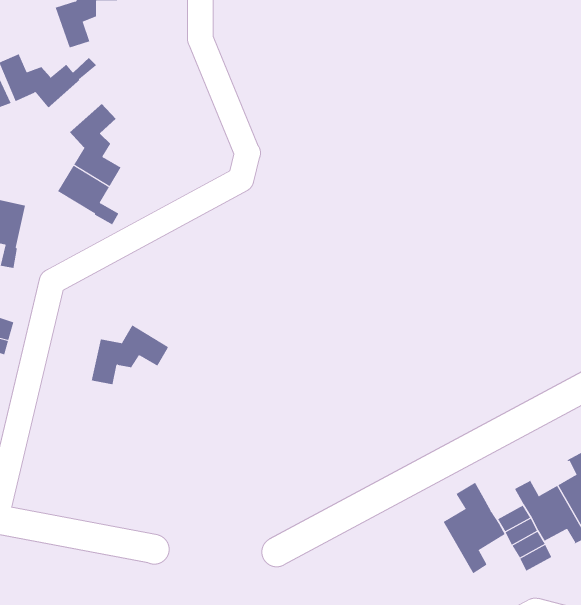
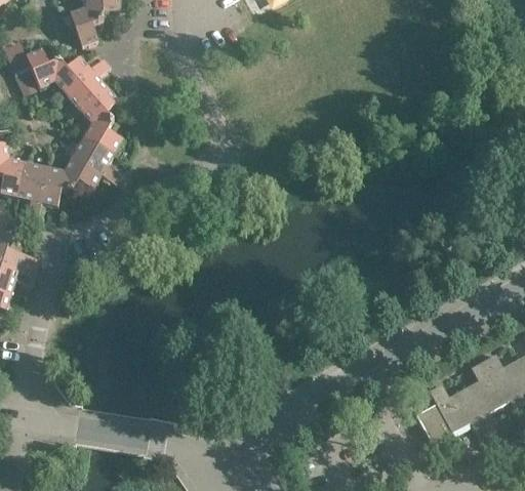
building: none -> [64,70,106,111]
building: [91,324,168,385] -> [39,157,99,204]
building: [443,482,505,574] -> none

